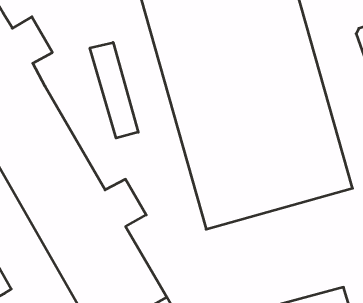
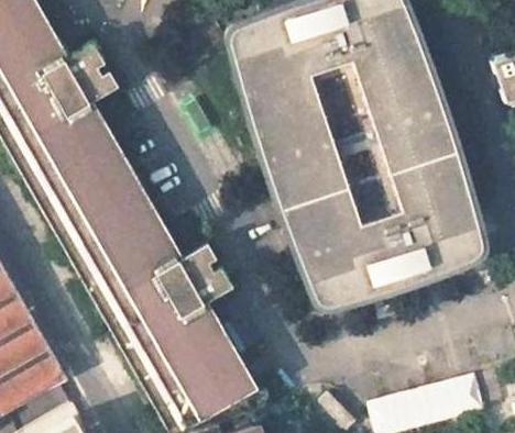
building: [90,42,138,138] -> none

